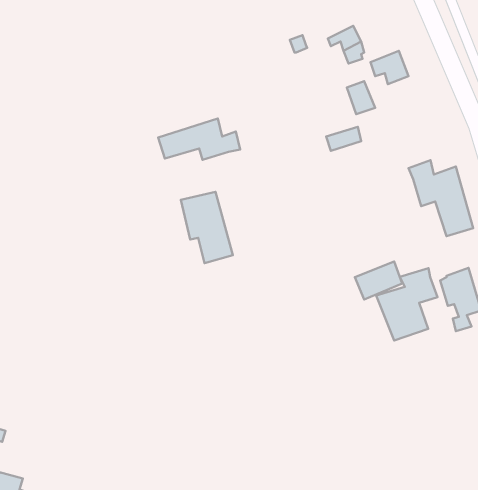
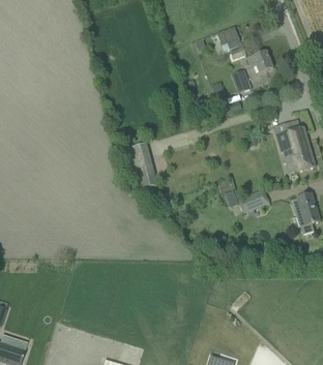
building: [158,119,240,160] -> none
building: [376,268,438,340] -> none

